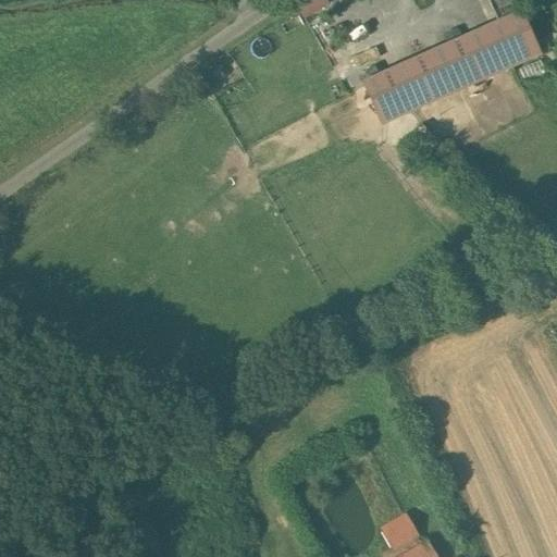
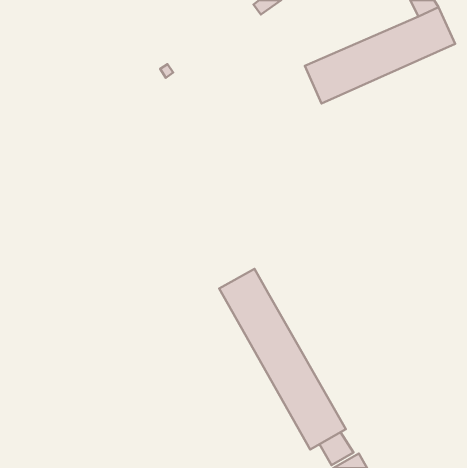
building: none -> [219,269,346,450]

